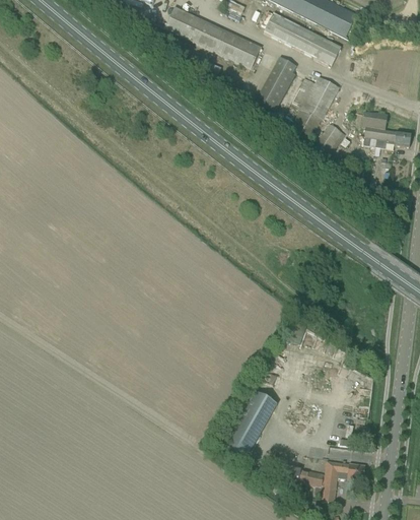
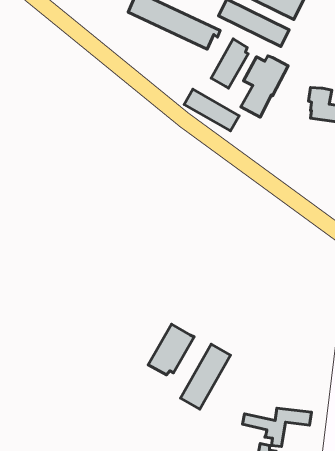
building: none -> [184,89,239,131]
building: [313,122,343,156] -> none
building: none -> [148,324,194,375]

